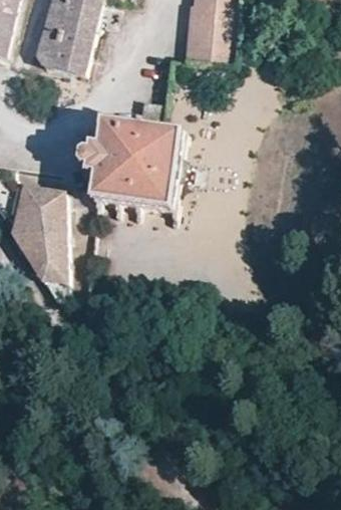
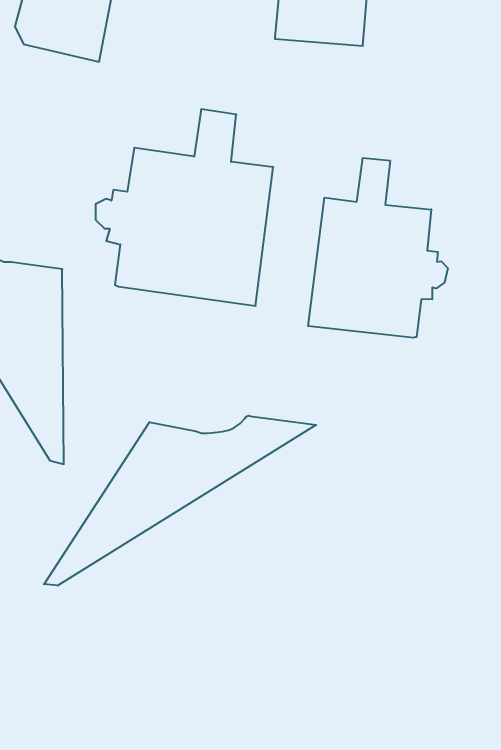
building: none -> [308,158,448,338]
building: none -> [44,416,316,586]

